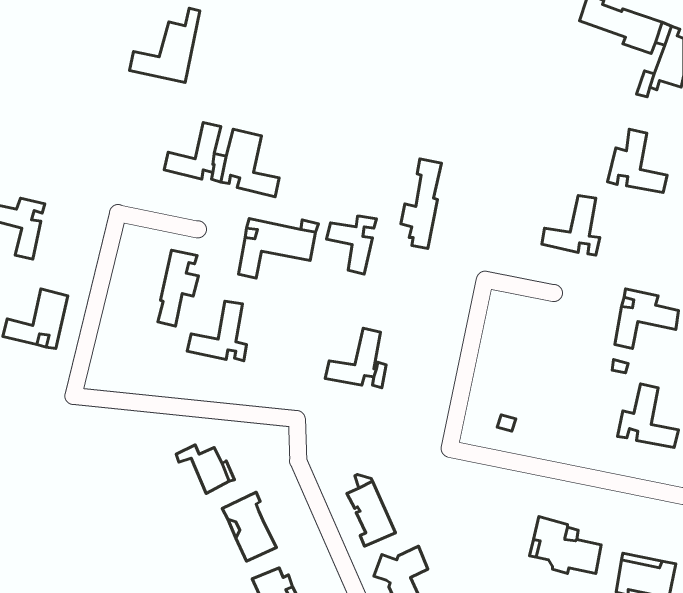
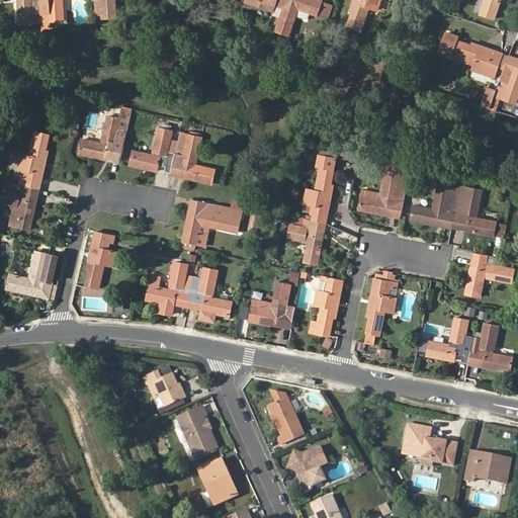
building: [130,8,200,83] -> [79,106,132,162]
building: none -> [20,132,50,189]
building: [608,129,667,193] -> [451,188,496,236]
building: none -> [359,172,409,218]
building: [326,216,377,274] -> [288,221,326,264]
building: [158,250,198,326] -> [85,232,115,288]
building: none -> [188,268,232,316]
building: none -> [367,274,400,335]
building: none -> [314,277,342,326]
building: none -> [426,318,471,363]

